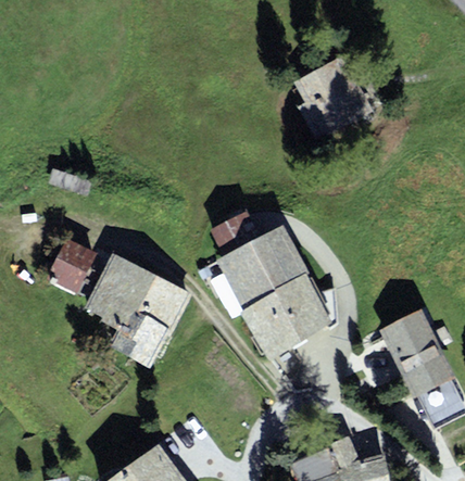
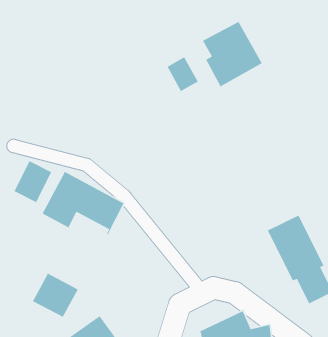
building: none -> [166,56,199,92]
building: [211,211,334,358] -> none
building: [109,307,171,367] -> [32,273,79,318]

